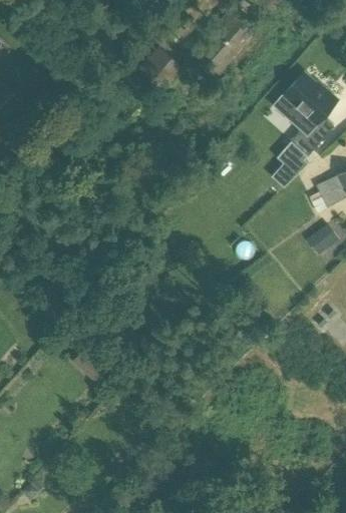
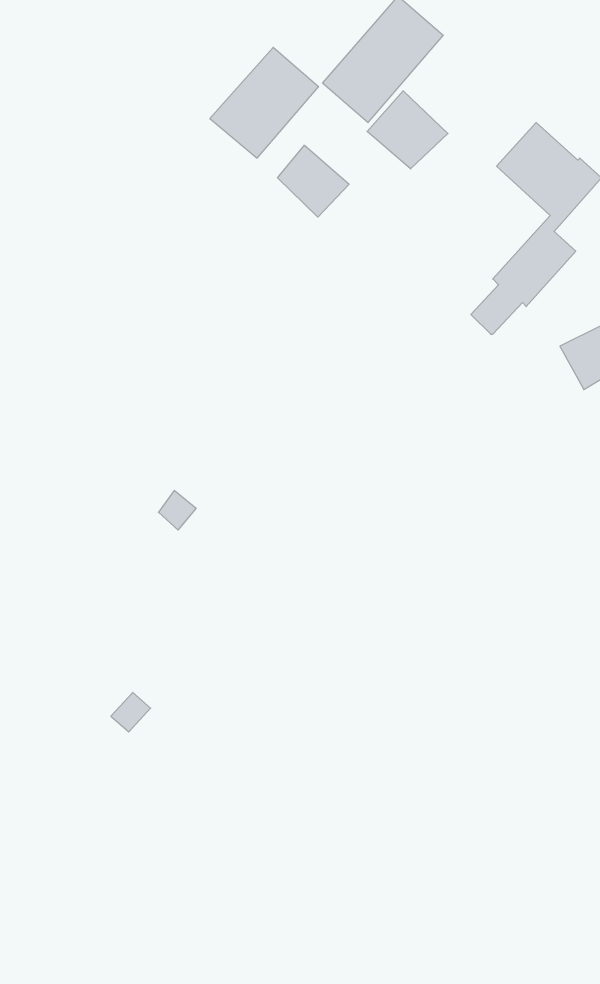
building: none -> [367,91,448,169]
building: none -> [278,145,349,217]

